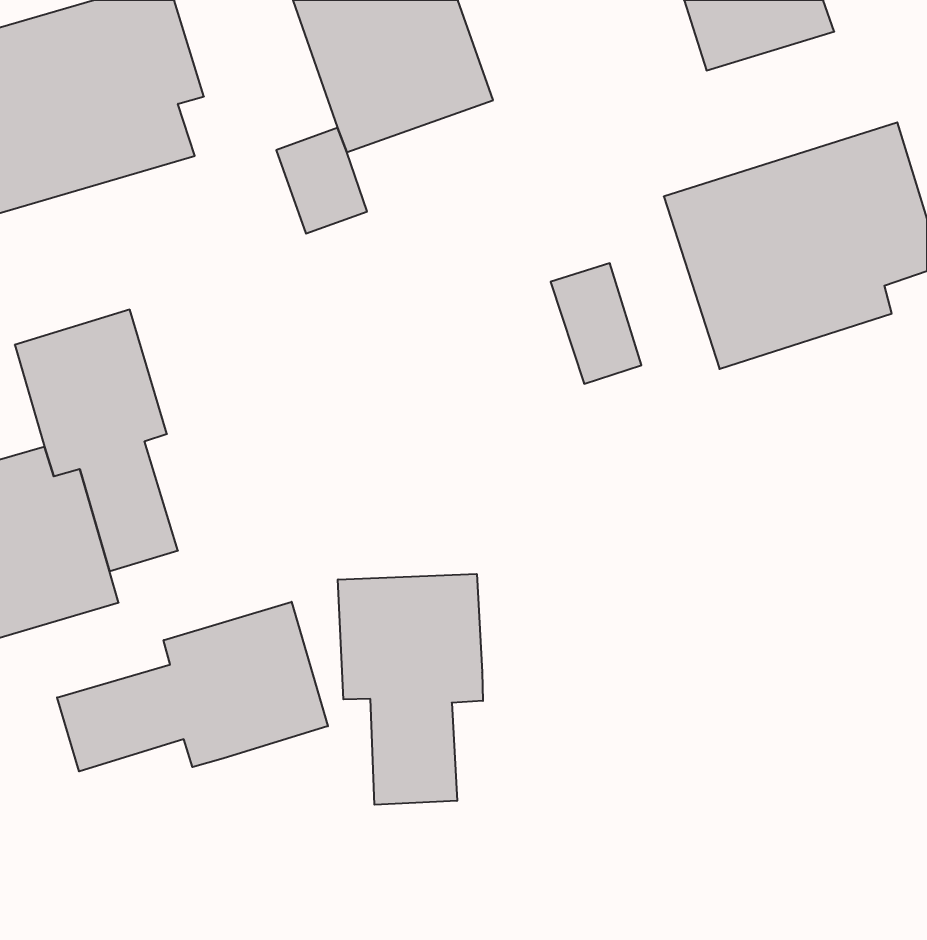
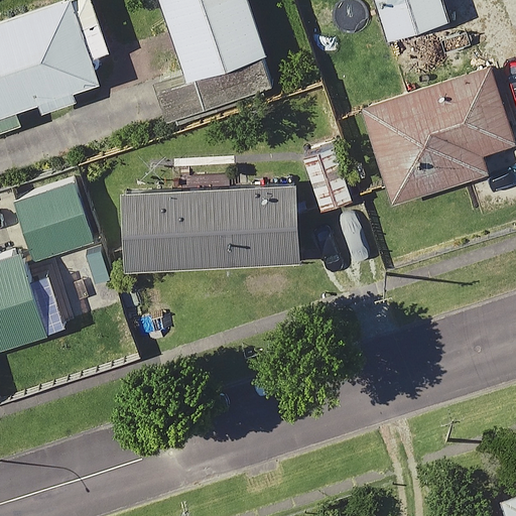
building: none -> [122,184,302,272]
building: [338,574,483,805] -> none
building: [57,602,328,771] -> none

